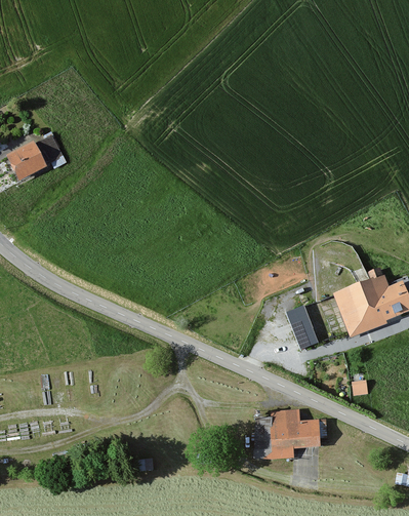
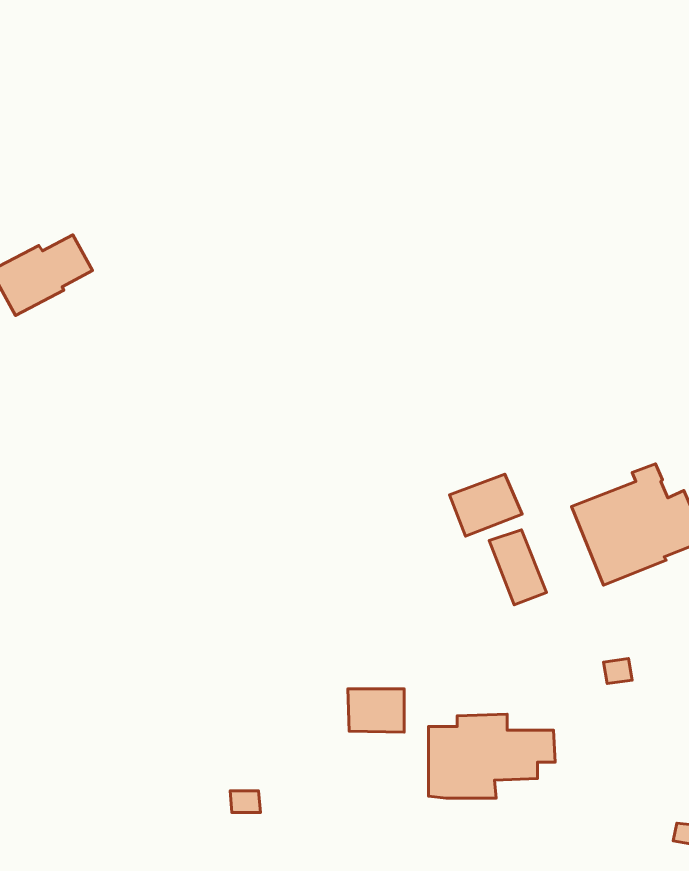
building: none -> [449,474,522,536]
building: none -> [348,689,404,732]

